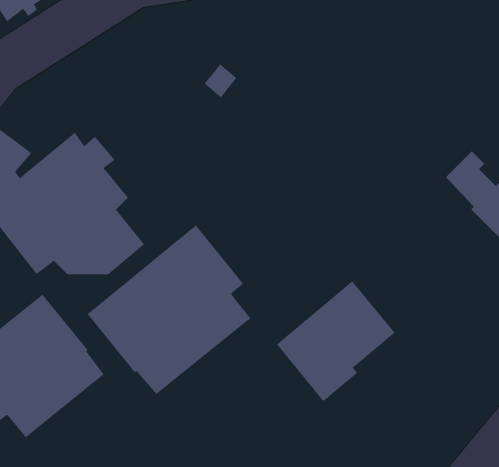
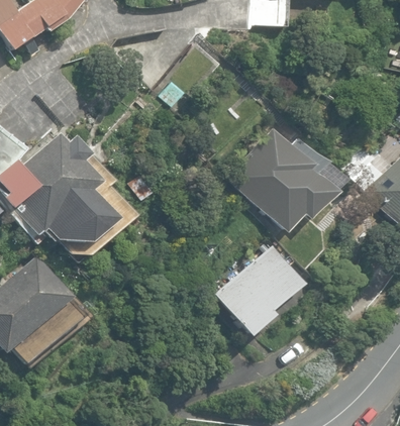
building: none -> [227,128,340,231]
building: [87,224,251,395] -> none

